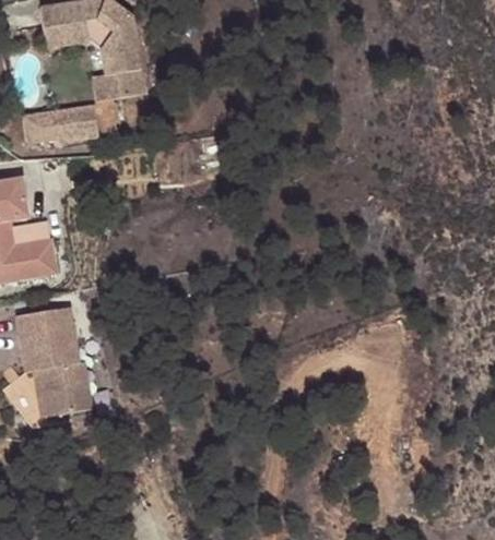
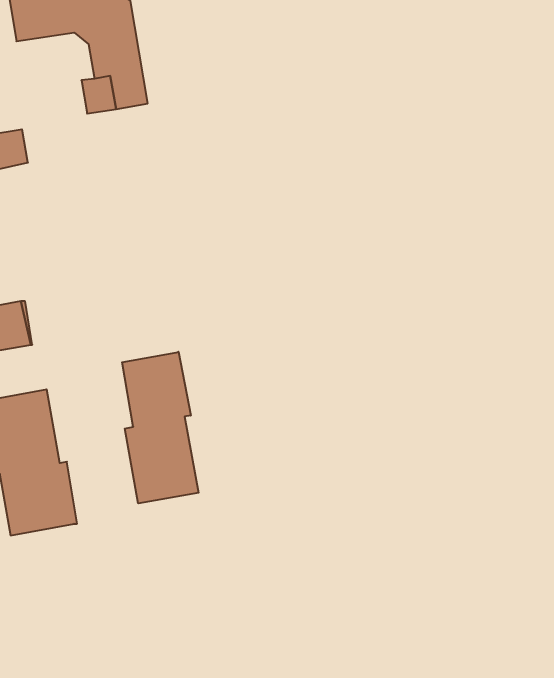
building: [51,101,101,137] -> none
building: none -> [122,352,199,503]

